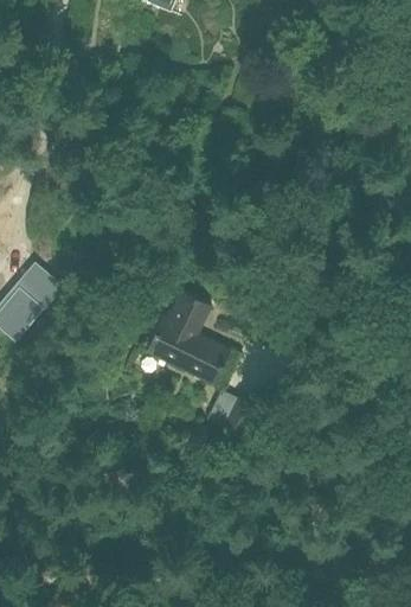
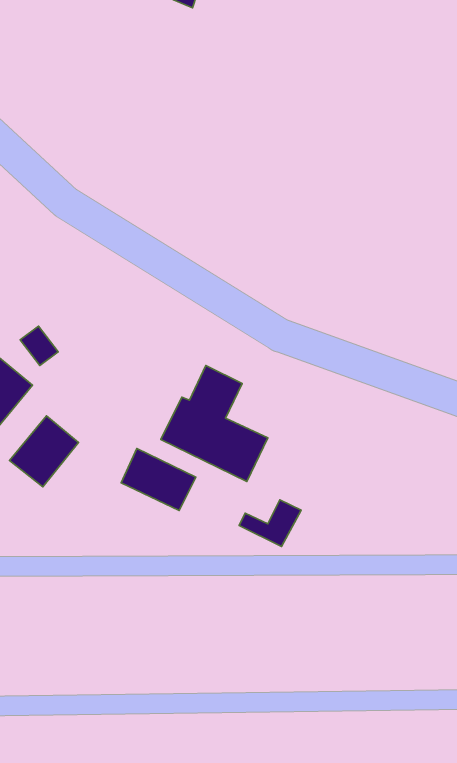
building: none -> [9,416,78,487]
building: none -> [121,448,196,510]

